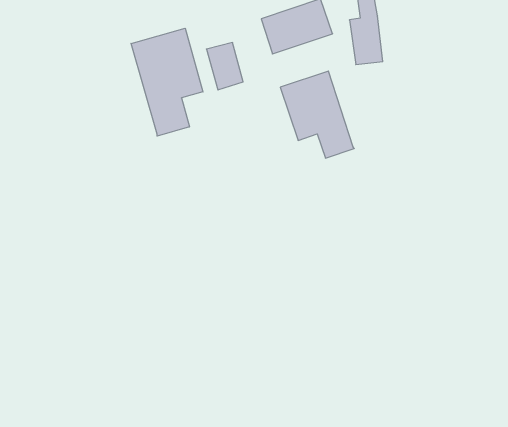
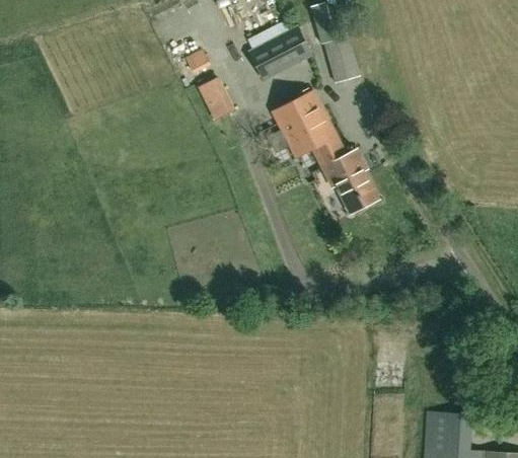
building: [131,28,203,136] -> none
building: none -> [320,148,377,212]

